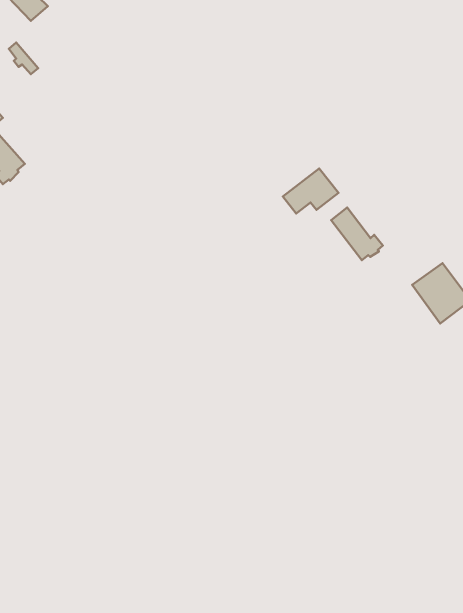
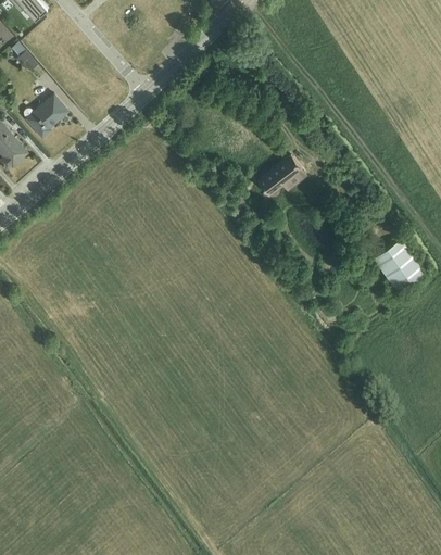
building: none -> [24,93,68,136]
building: [331,207,383,260] -> none

